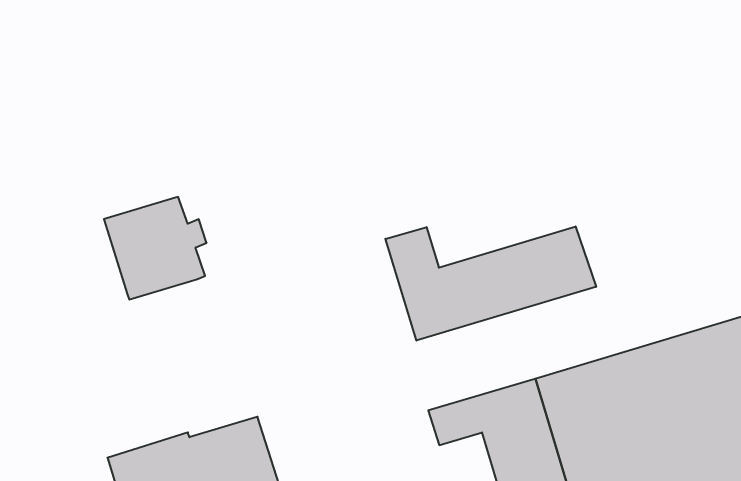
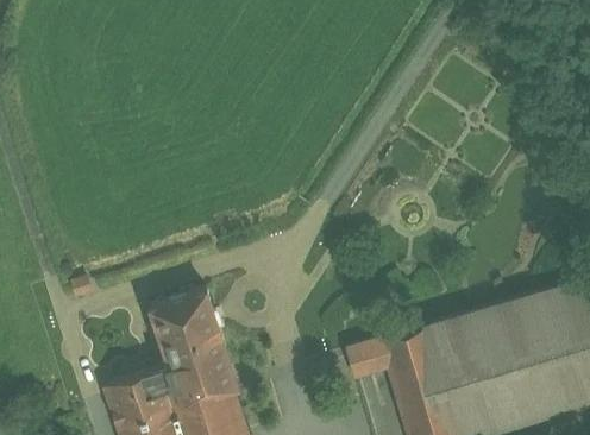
building: [104,197,207,300] -> [149,292,226,370]
building: [385,226,596,341] -> none

